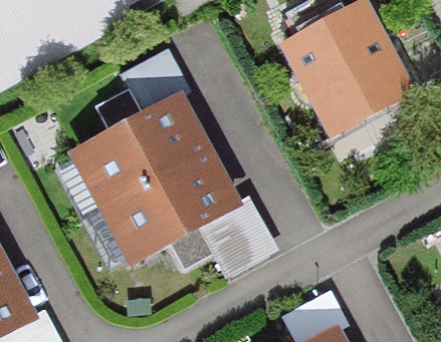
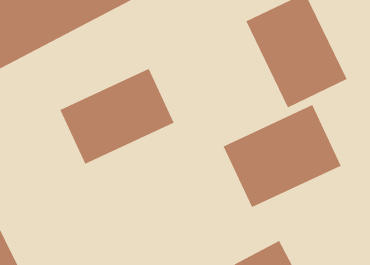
building: none -> [223,104,341,208]
building: [103,149,248,270] -> none

